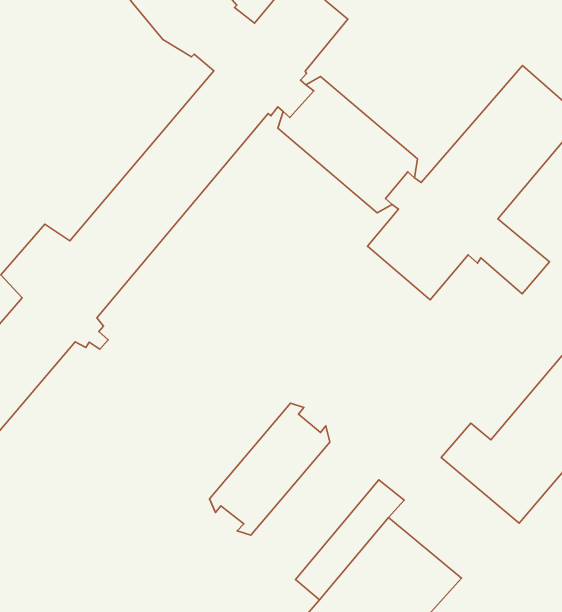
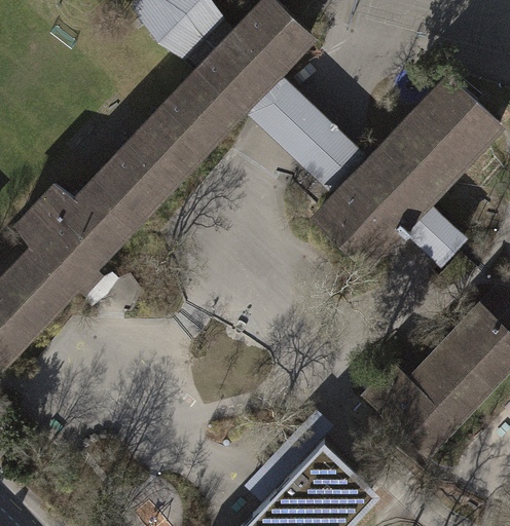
building: [209,403,330,535] -> none

